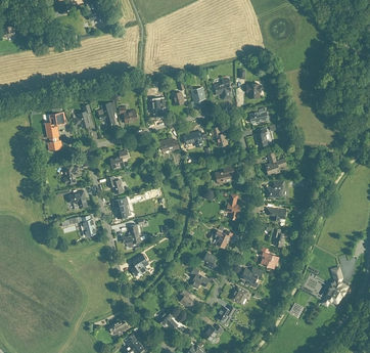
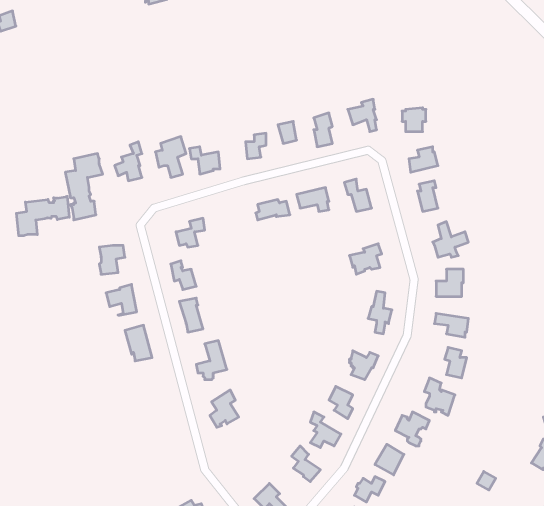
building: none -> [16,196,69,236]

